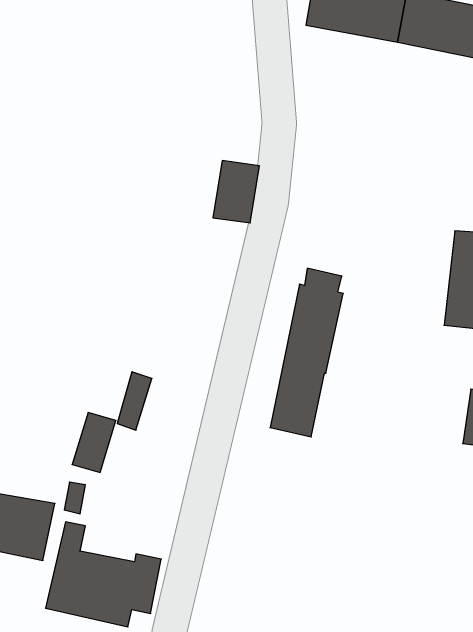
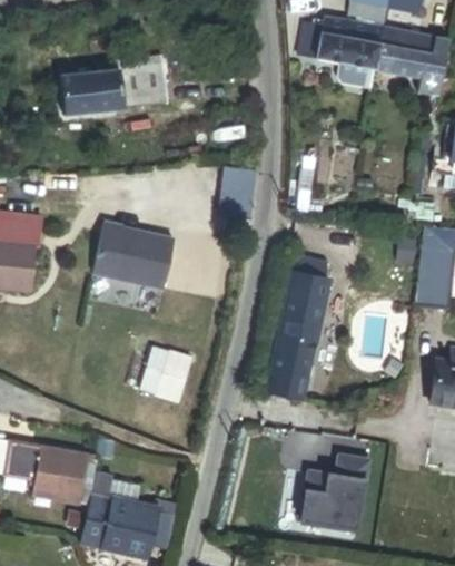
building: none -> [60,56,168,116]
building: none -> [98,222,170,283]
building: [72,413,116,472] -> [157,350,194,400]
building: none -> [303,457,370,531]

